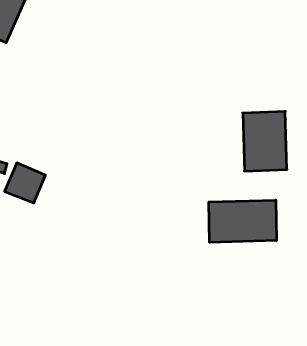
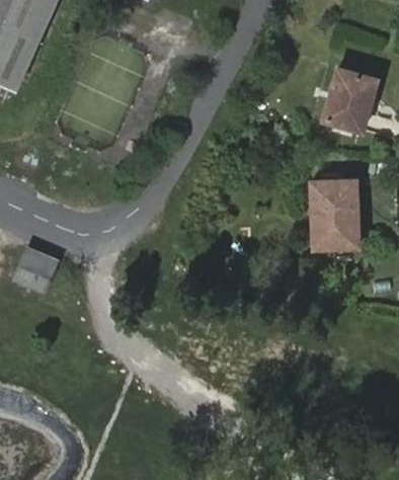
building: none -> [321,67,381,135]
building: [209,200,276,242] -> none

